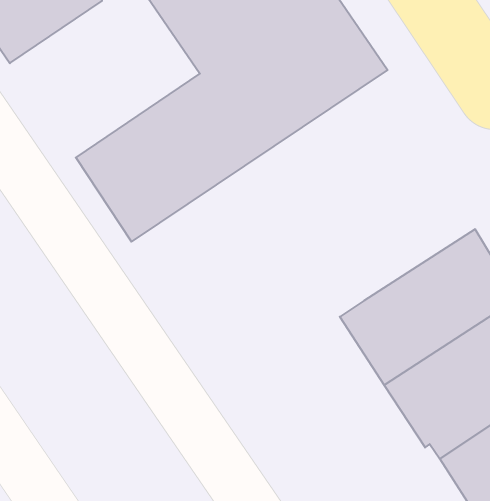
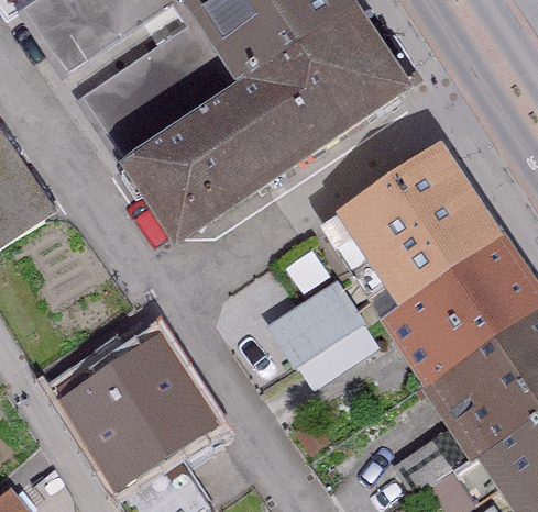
building: none -> [338,138,507,302]
building: none -> [262,276,373,385]
building: none -> [55,336,206,479]

